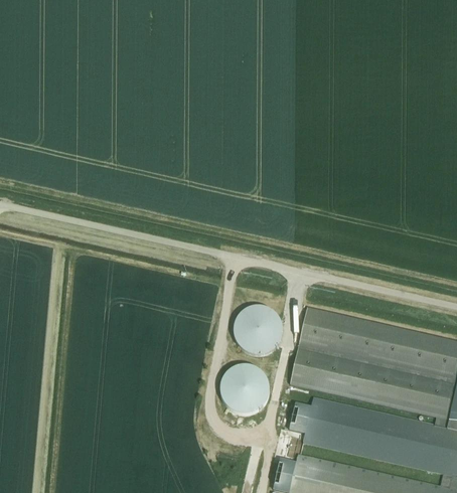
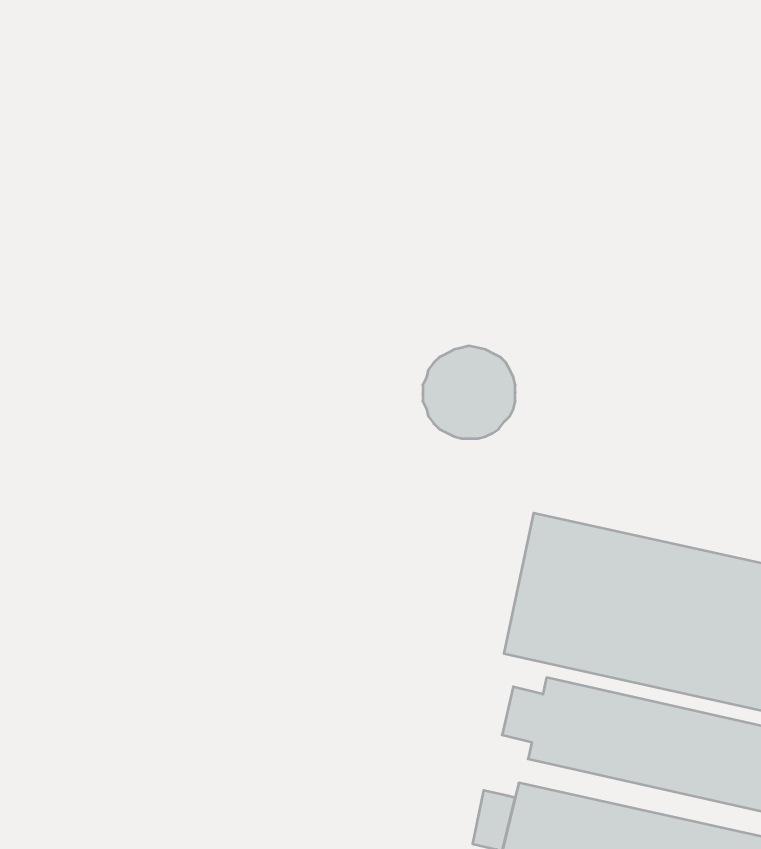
building: [231,305,281,355] -> [423,346,515,438]
building: [218,364,270,415] -> none

